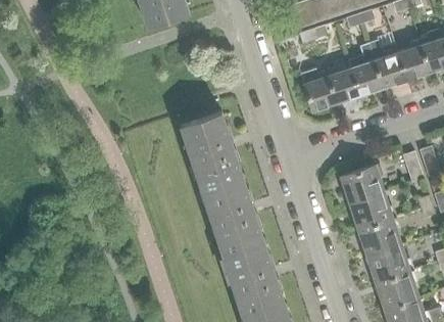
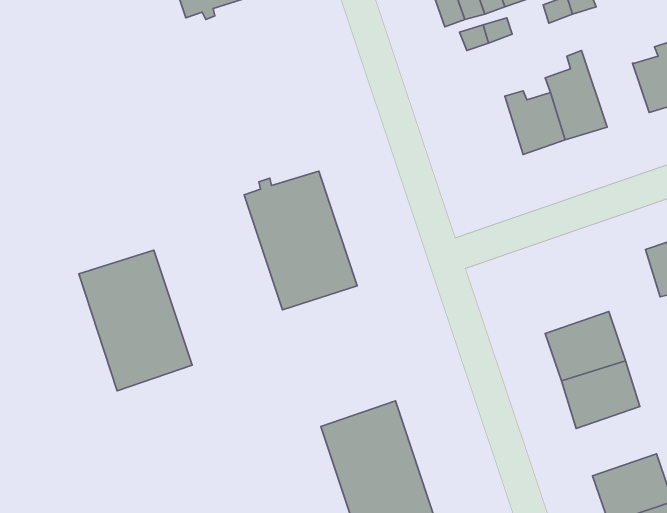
building: [367,40,405,87] -> none
building: [302,70,335,110] -> none
building: [338,164,383,202] -> none
building: [200,176,263,255] -> [79,250,192,391]
building: [364,243,409,282] -> none

